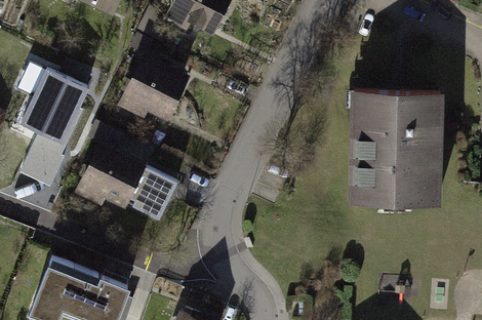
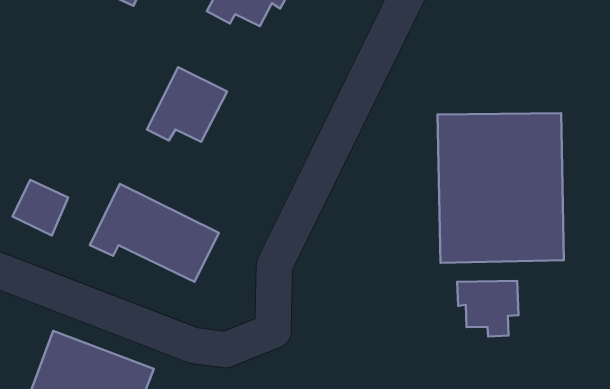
building: [19,67,86,141] -> none
building: none -> [457,281,518,336]

